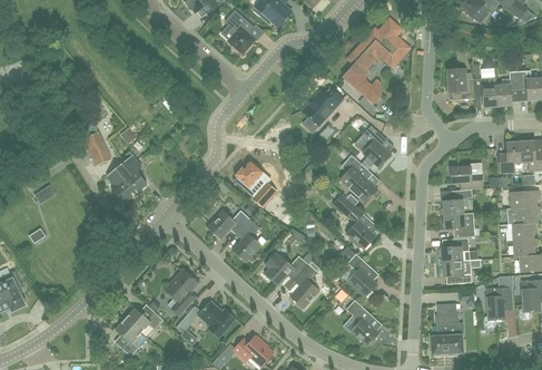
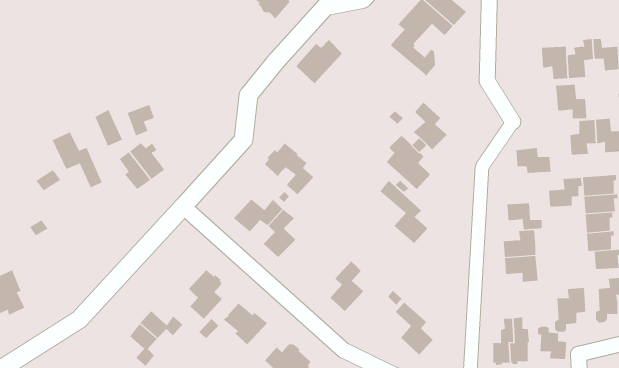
building: [446,68,474,98] -> [555,84,587,119]
building: [302,86,343,125] -> [295,39,343,84]
building: none -> [52,131,103,188]
building: [442,188,472,214] -> [548,178,583,207]
building: [343,245,377,296] -> none
building: [264,253,308,285] -> none
building: none -> [537,326,567,360]

